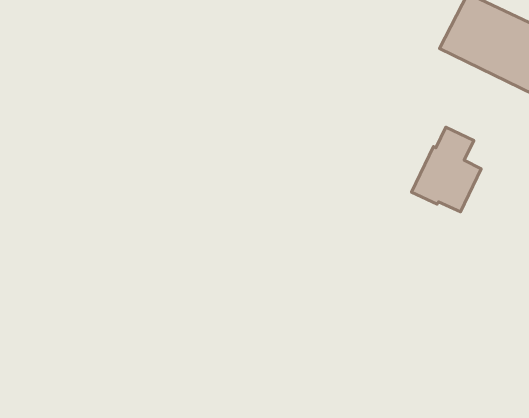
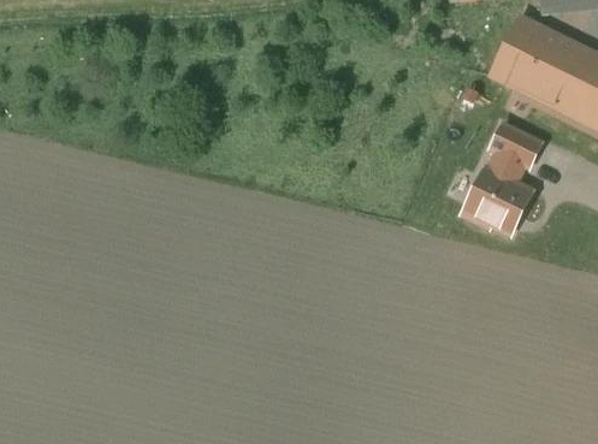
building: none -> [491,124,540,165]

